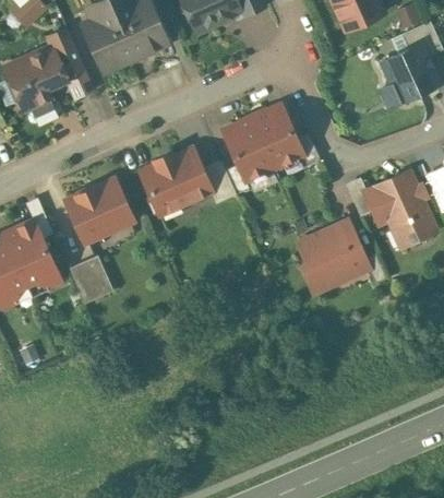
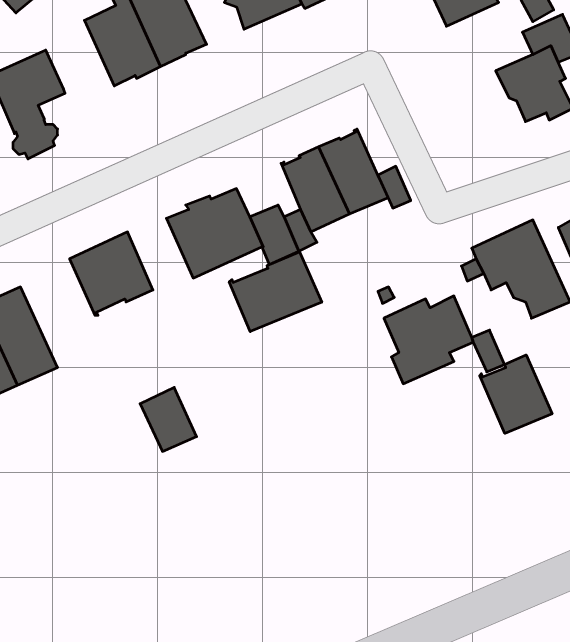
building: [51,40,83,75] -> none
building: none -> [229,252,322,332]
building: [68,256,109,303] -> [140,387,197,451]
building: none -> [480,355,552,433]

